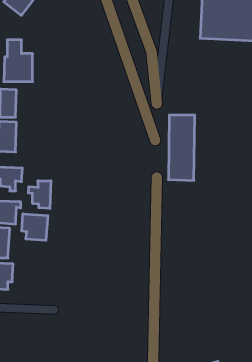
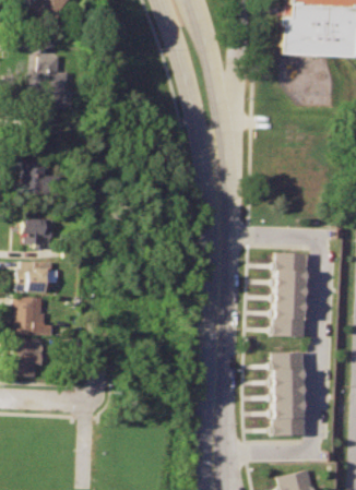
building: [168,115,195,180] -> [273,255,307,339]
building: [28,181,51,209] -> none
building: [22,214,48,240] -> none
building: none -> [270,352,305,437]

